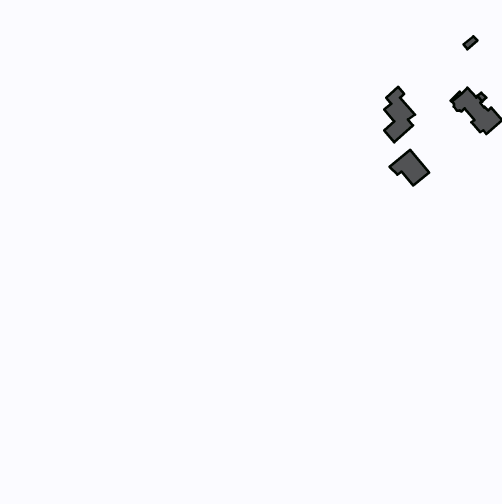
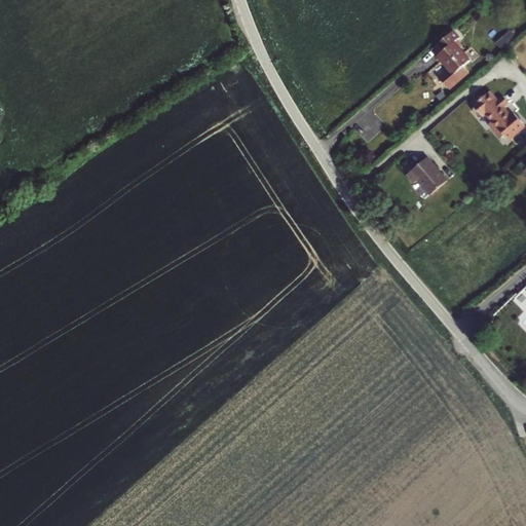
building: [384,87,415,142] -> [437,31,468,88]

